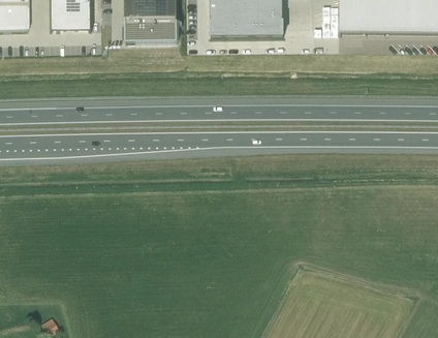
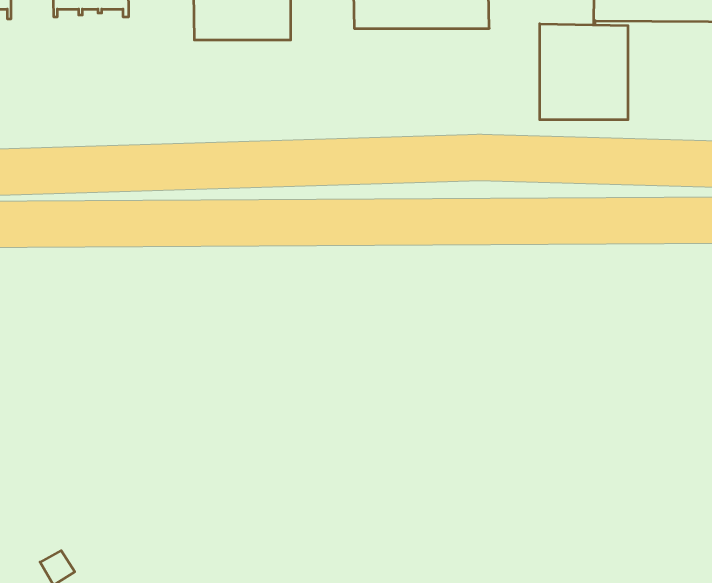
building: none -> [540,24,628,120]

